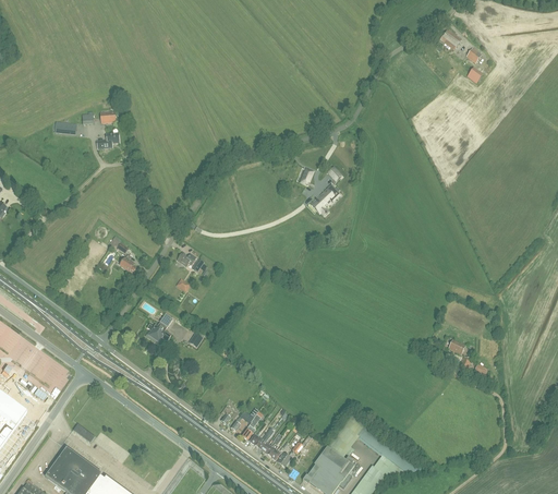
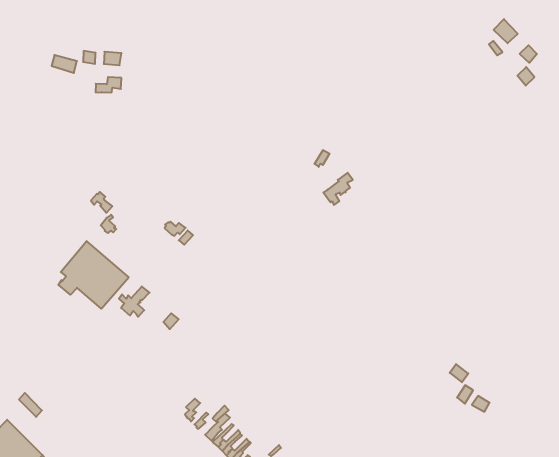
building: none -> [58,241,129,309]

